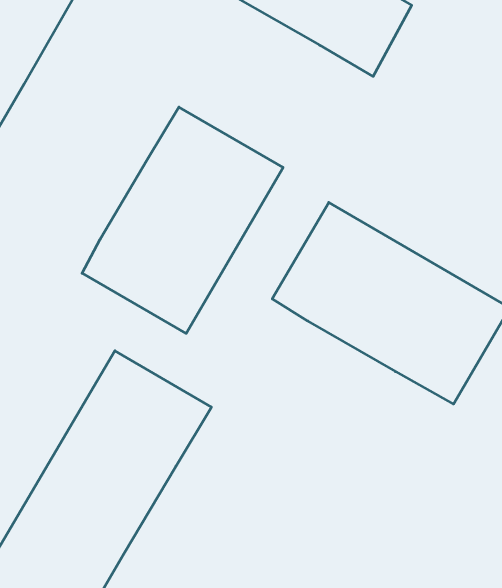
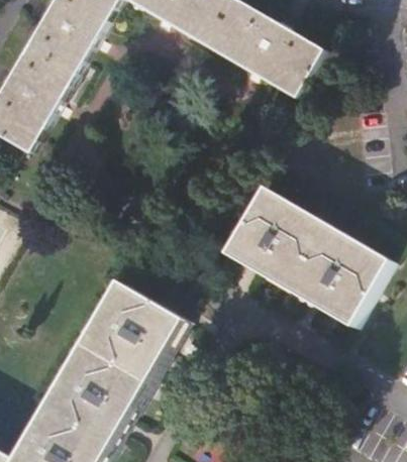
building: [82,107,283,333] -> none

